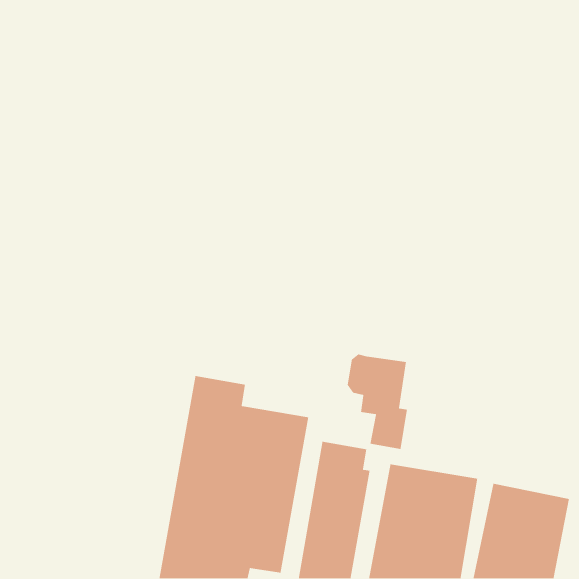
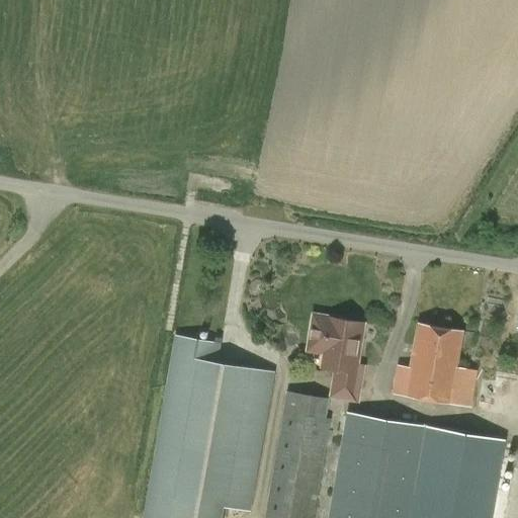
building: none -> [394,324,478,408]

